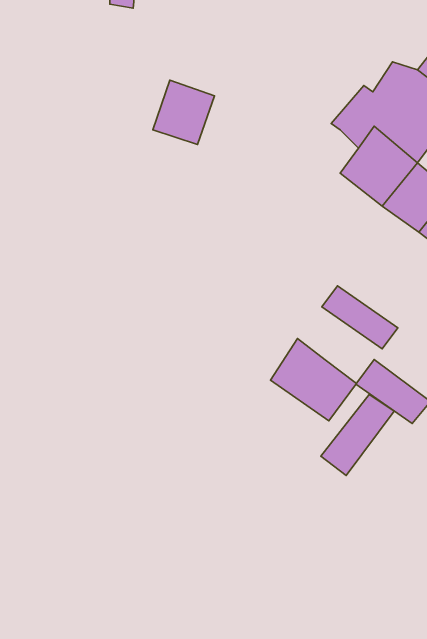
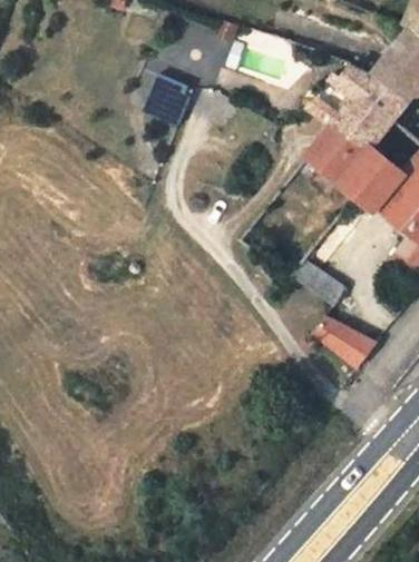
building: [270,339,357,421] -> none
building: [321,395,394,476] -> none

